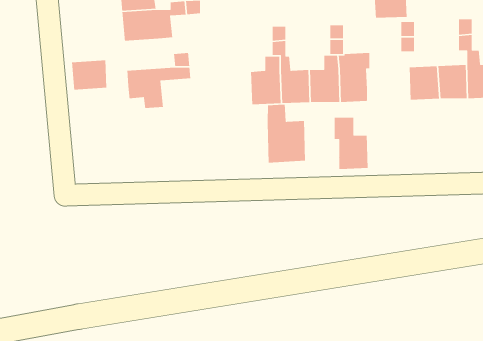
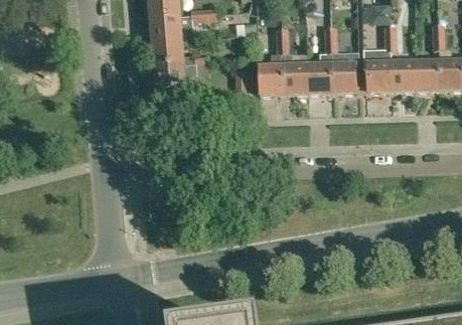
building: [71,59,107,91] -> [151,38,181,64]
building: [267,104,306,163] -> none
building: [334,117,369,170] -> [361,46,391,91]

